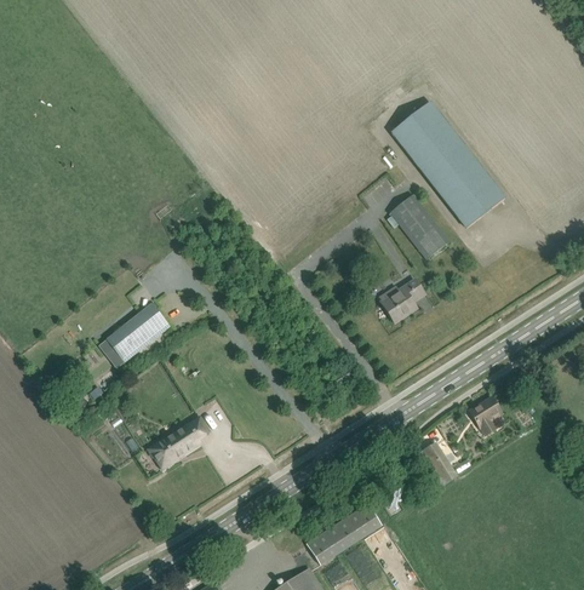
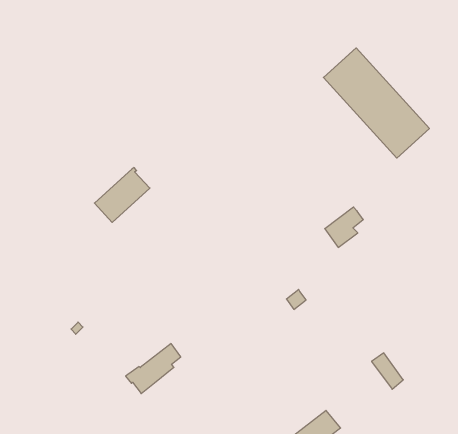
building: [391,194,450,258] -> none
building: [105,302,168,361] -> [94,168,150,222]
building: [468,396,500,435] -> none

